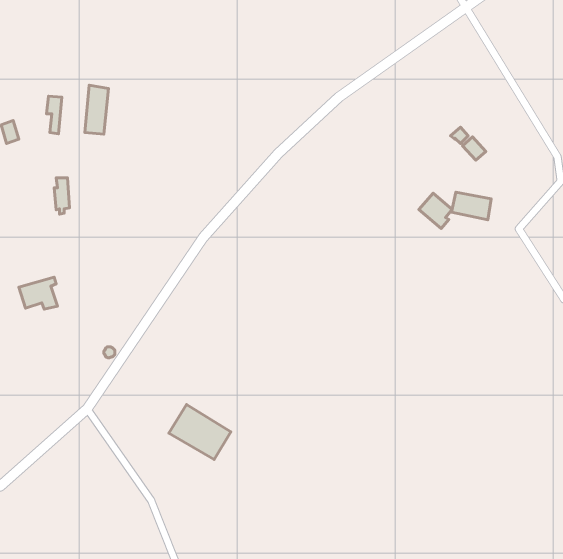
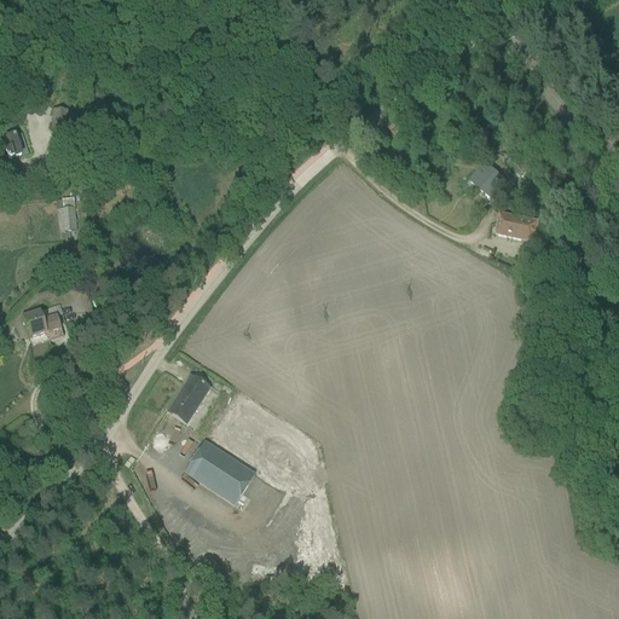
building: [85,85,109,134] -> none
building: [419,193,452,228] -> [470,160,507,198]
building: none -> [168,374,210,422]

